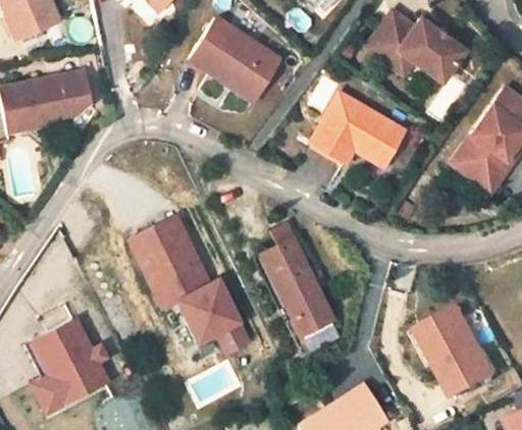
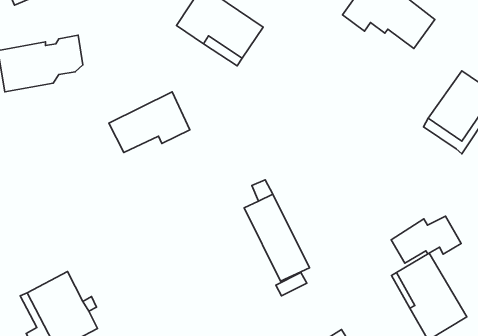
building: [310,94,404,167] -> none
building: none -> [109,92,190,153]
building: [129,217,250,354] -> none
building: none -> [391,216,461,263]

